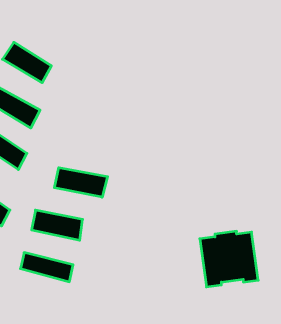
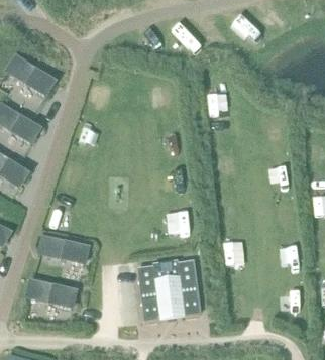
building: [54,168,108,197] -> none
building: [200,231,258,287] -> [133,262,196,322]

